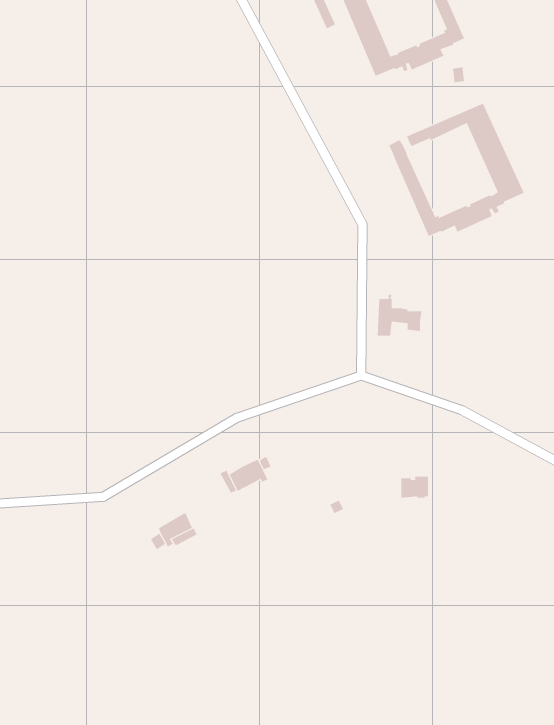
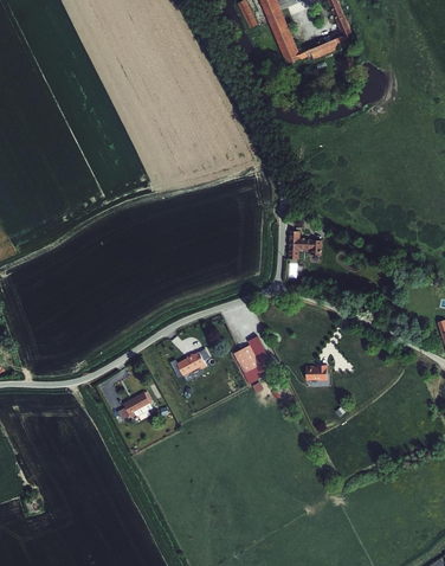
building: [388,103,524,237] -> none
building: none -> [233,337,270,386]

